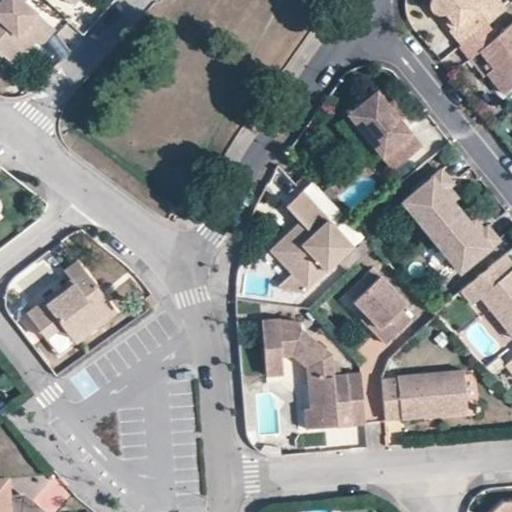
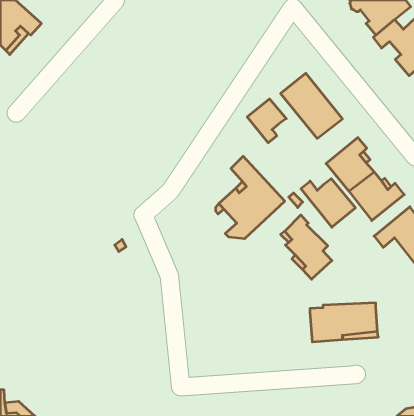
building: none -> [247,99,286,143]
building: none -> [301,179,355,227]
building: [26,259,115,342] -> none
building: [263,317,366,428] -> none

